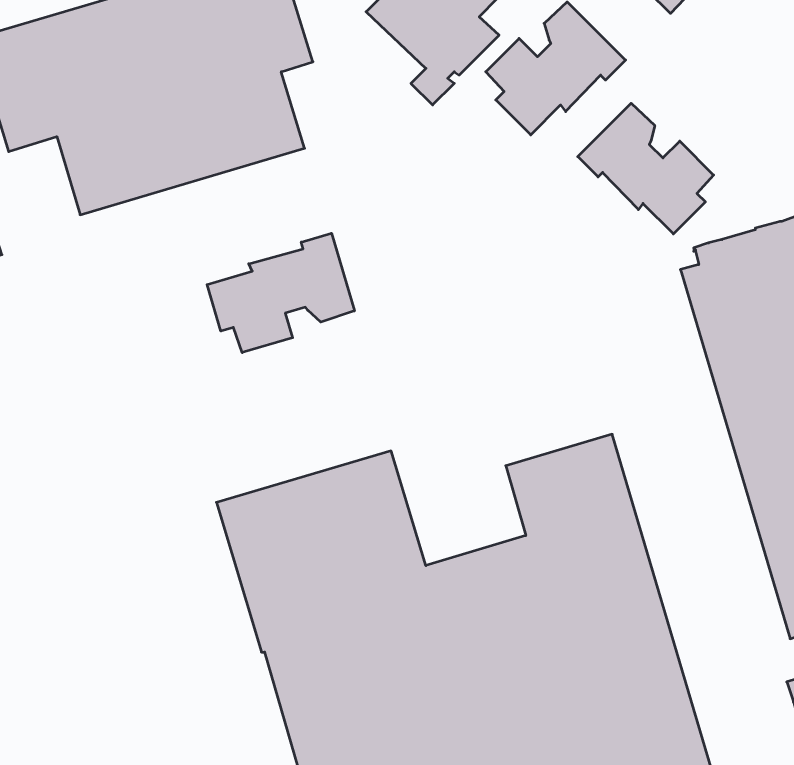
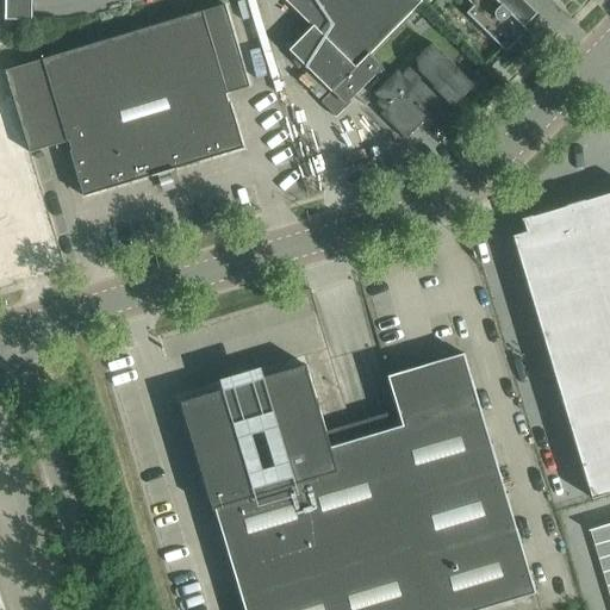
building: [578,103,714,234] -> none
building: [207,233,354,353] -> none

